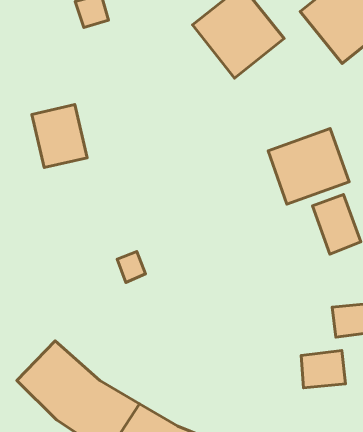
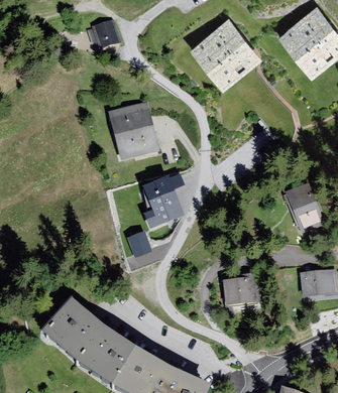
building: [32,104,87,168] -> [107,101,152,152]
building: [268,128,349,204] -> none
building: none -> [142,175,180,229]
building: [301,351,346,388] -> [225,277,261,307]

